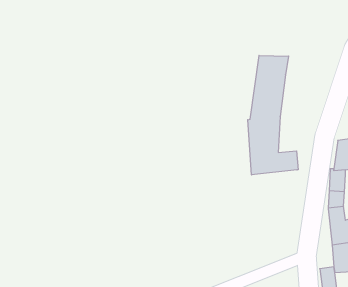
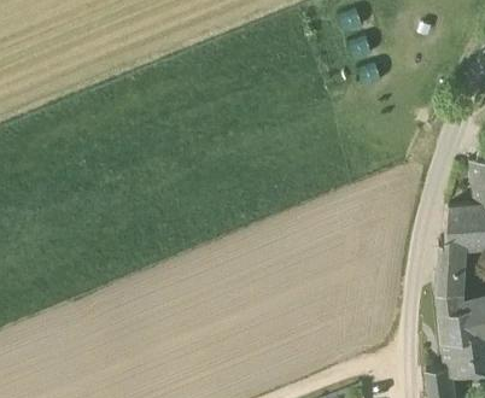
building: [248,55,298,175] -> none

